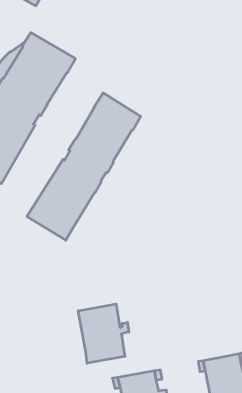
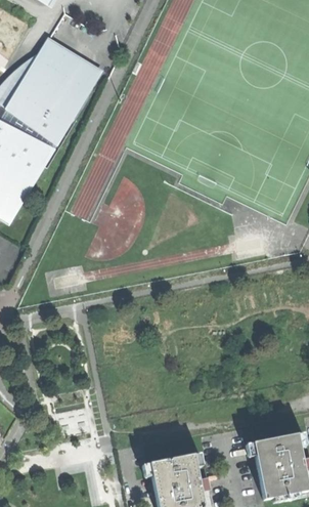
building: [27,93,141,240] -> none
building: [78,304,129,363] -> none

